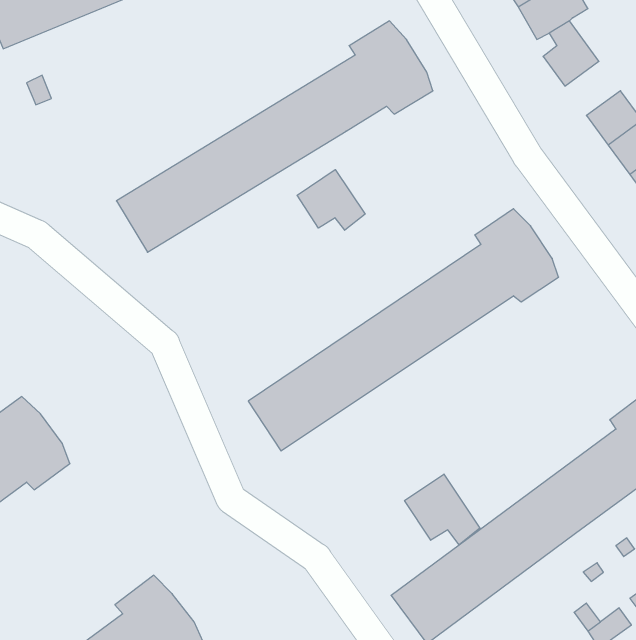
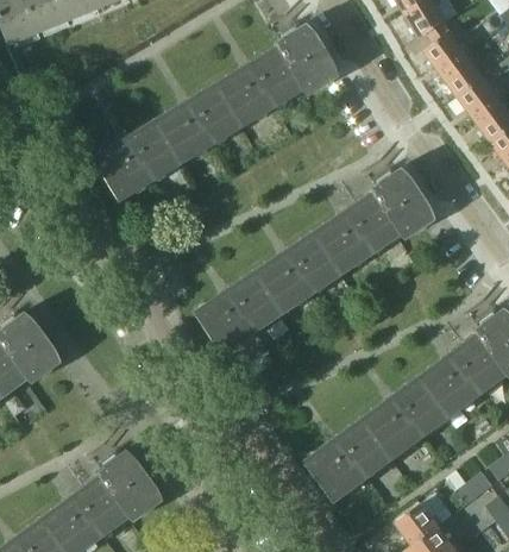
building: none -> [439,54,482,95]
building: [297,170,365,230] -> none
building: [405,474,480,545] -> none

